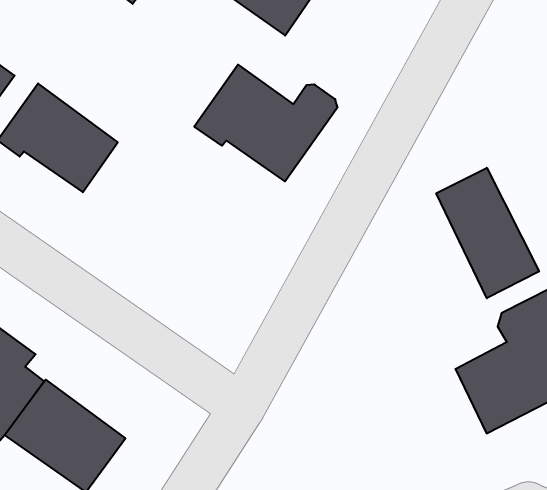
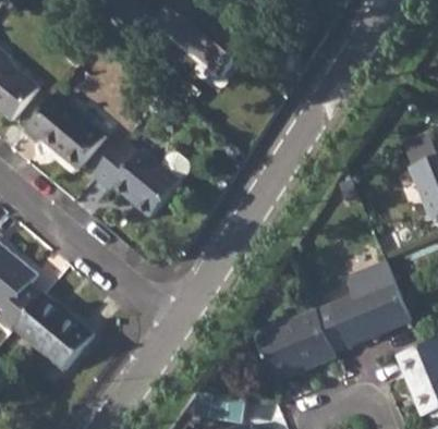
building: [194,65,338,181] -> [92,137,188,218]
building: [436,168,539,298] -> none
building: none -> [256,308,336,380]

